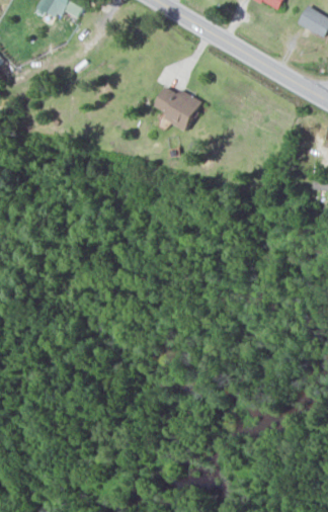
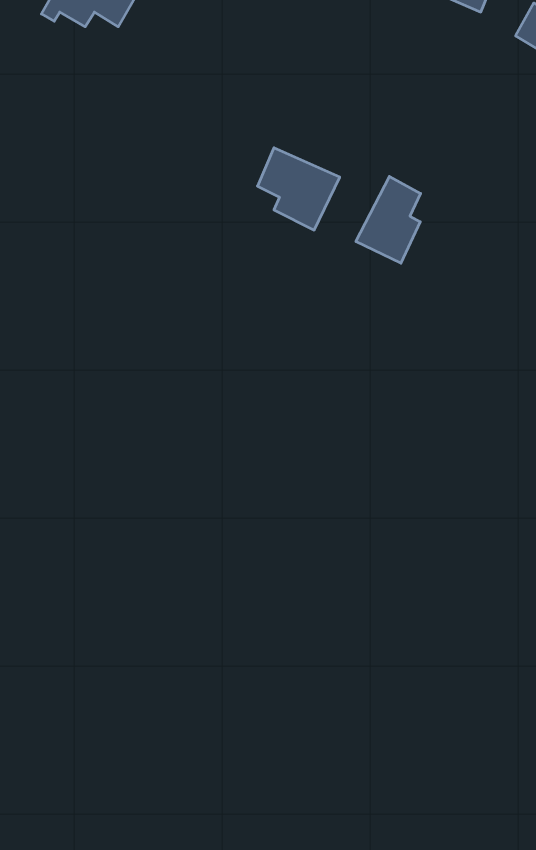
building: none -> [356,176,421,263]

